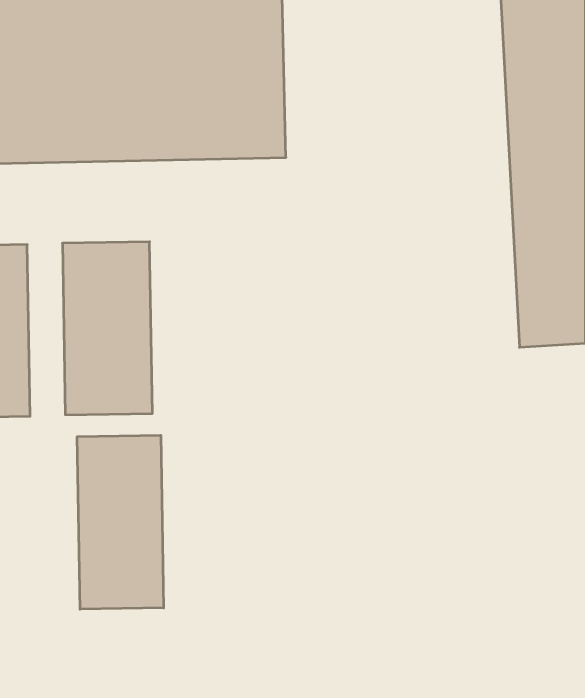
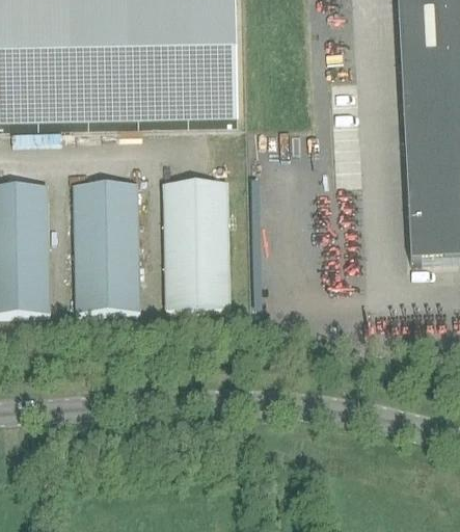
building: none -> [163,180,228,308]
building: [77,435,164,609] -> none

